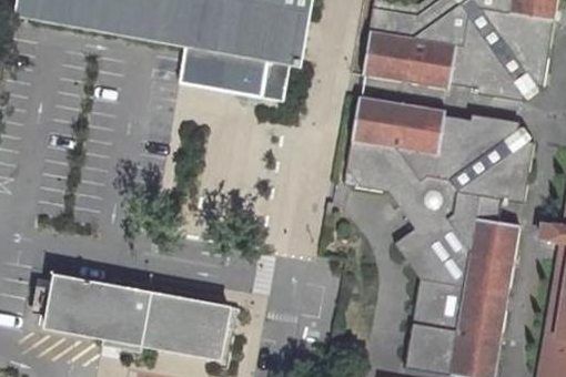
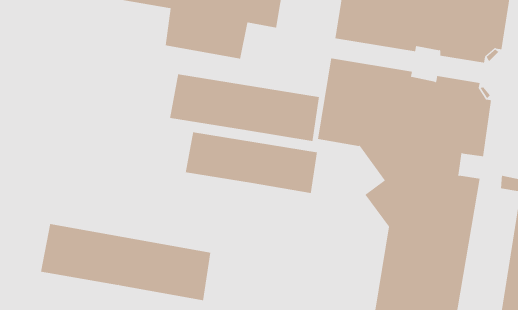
building: none -> [169,74,320,142]
building: none -> [185,132,318,194]

